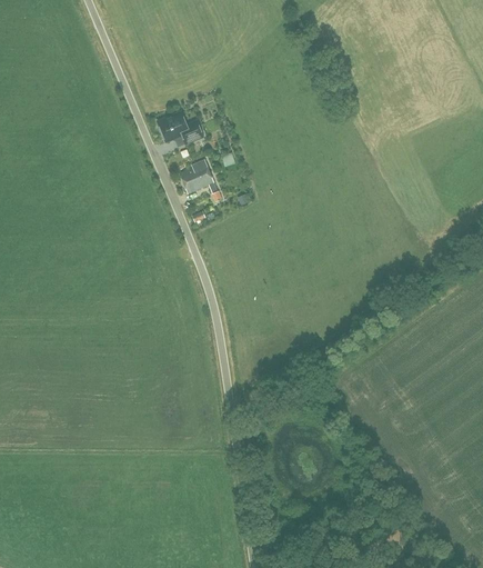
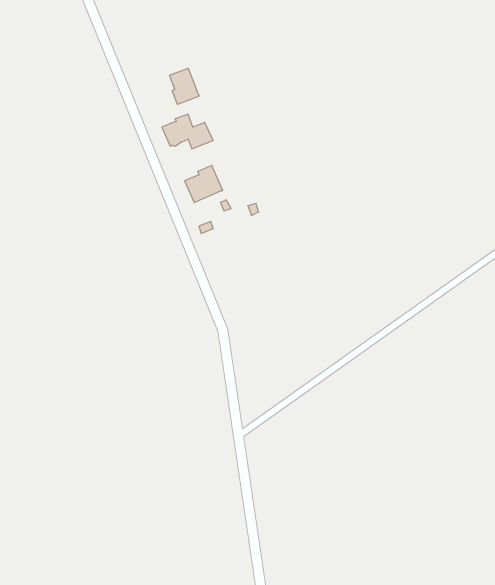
building: none -> [169,68,199,104]

